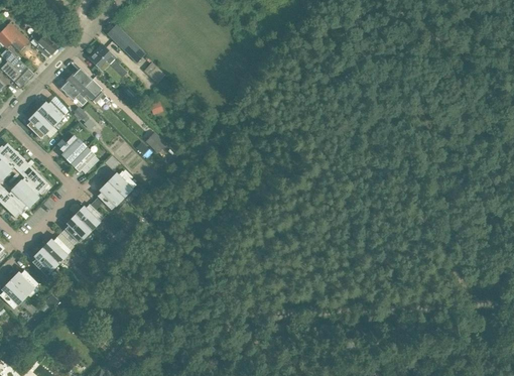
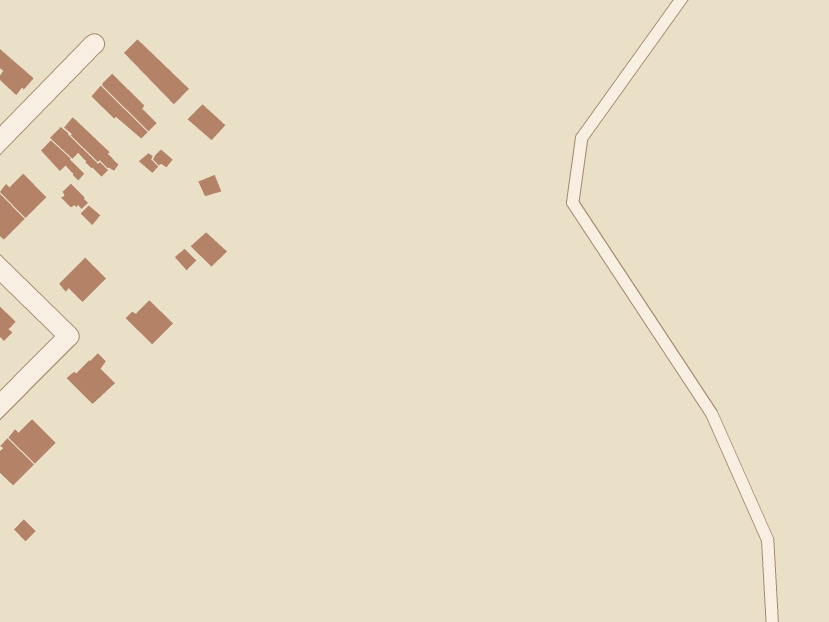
building: [58,134,86,161] -> none
building: [93,180,123,209] -> none
building: [63,214,90,242] -> none

